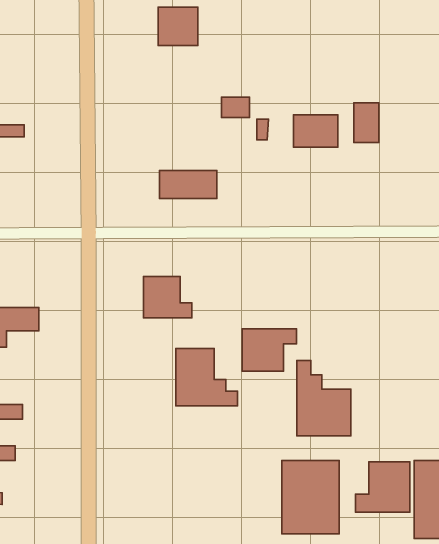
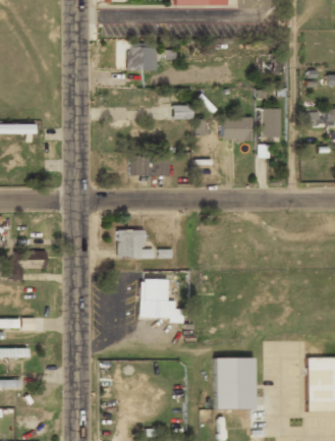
building: [242,329,297,371] -> none
building: [297,360,351,436] -> none
building: [356,462,410,512] -> none

